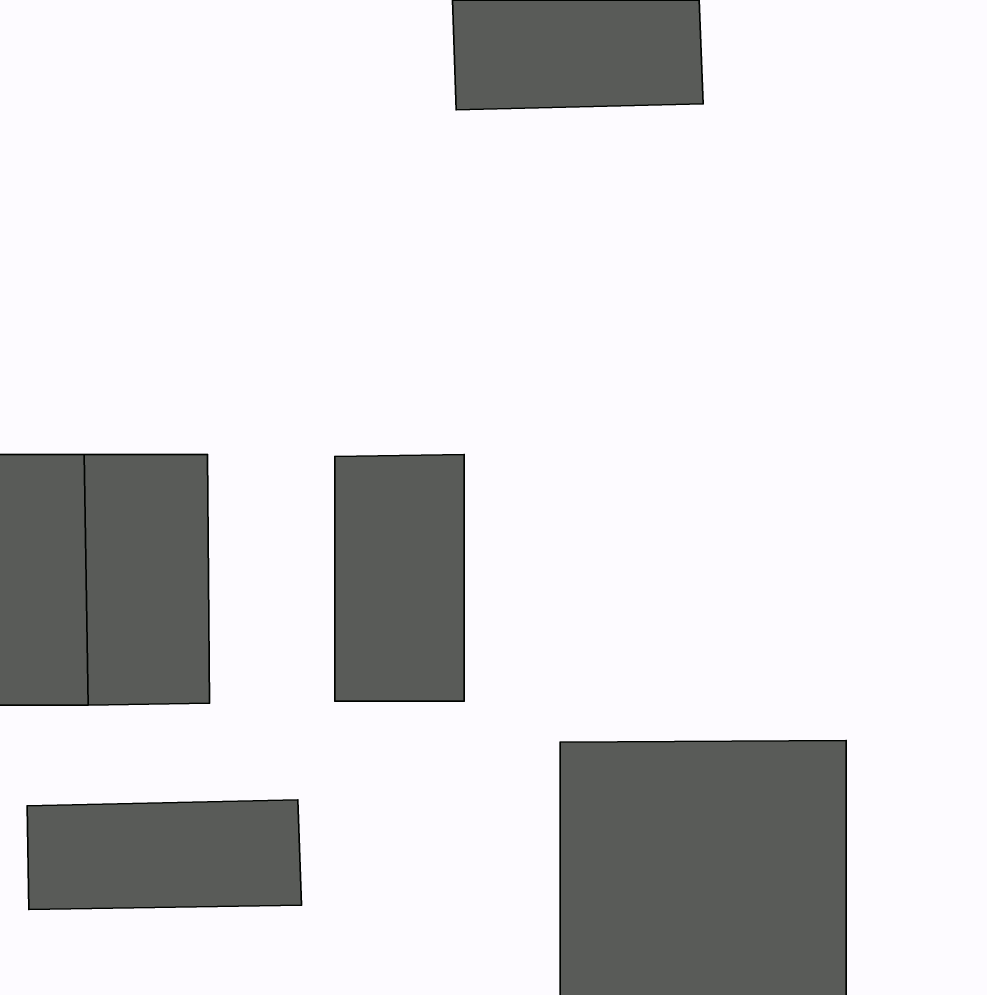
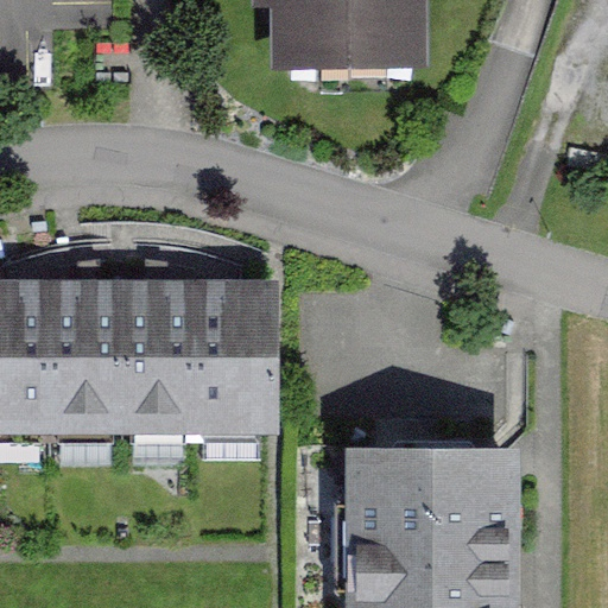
building: none -> [126,279,203,430]
building: [27,800,301,909] -> none

